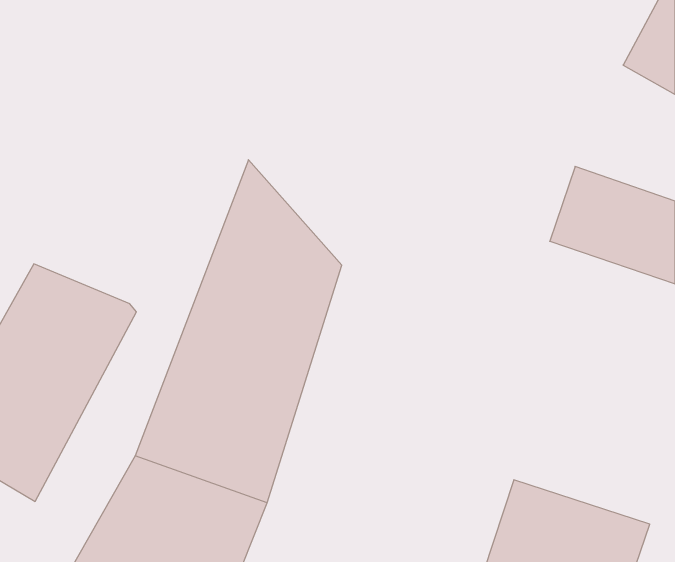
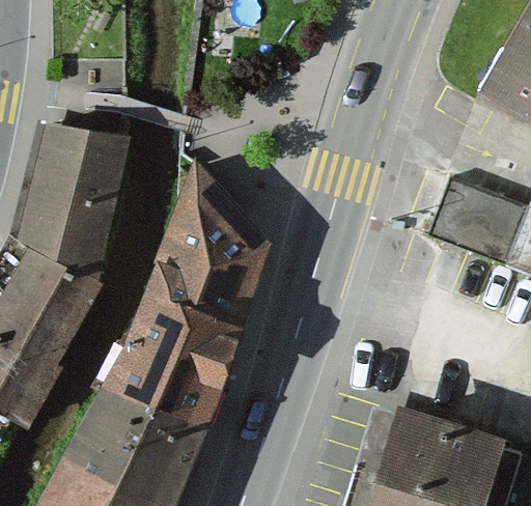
building: none -> [13,121,130,275]

